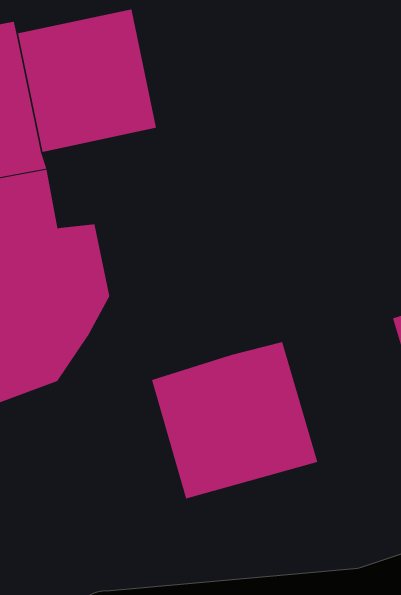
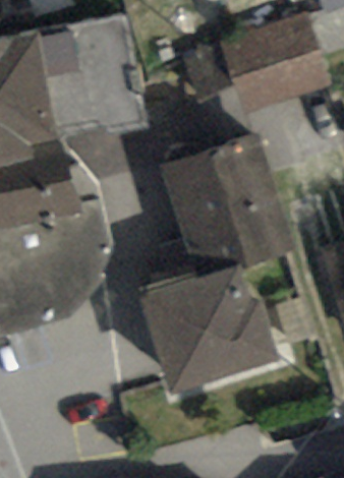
building: none -> [221,22,320,106]
building: none -> [168,144,286,280]

